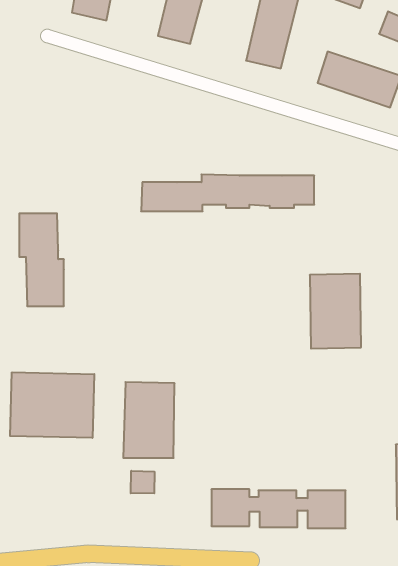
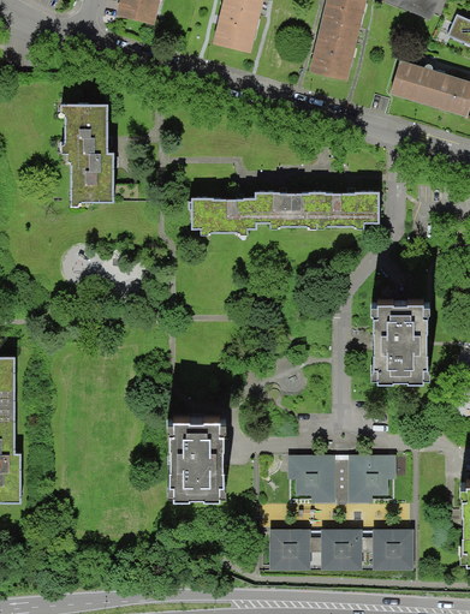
building: [19,213,64,306] -> [66,103,114,203]
building: [10,372,94,438] -> none
building: none -> [286,454,395,505]
building: [131,471,154,493] -> none

